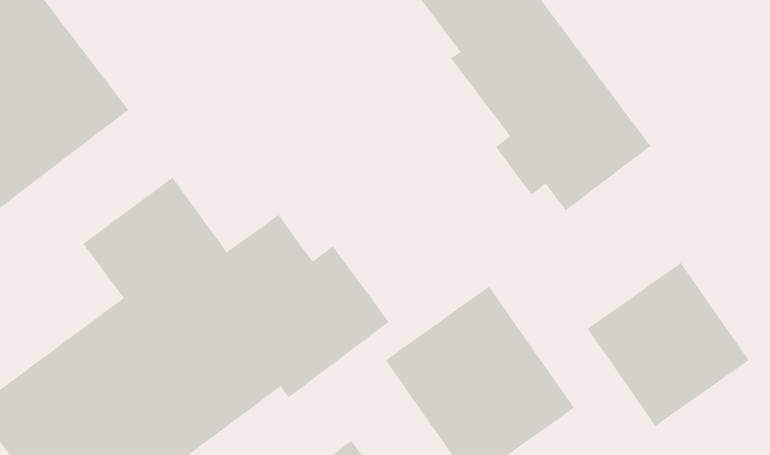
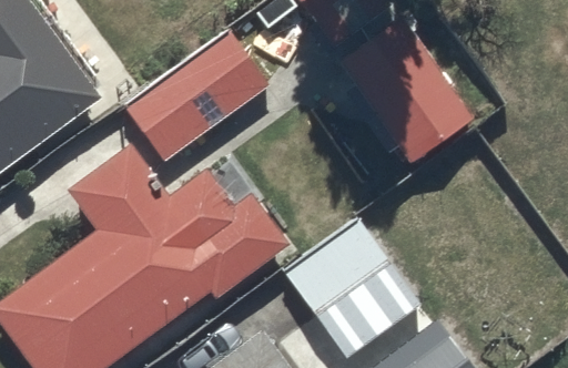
building: none -> [125,31,273,164]
building: [587,262,749,427] -> none

